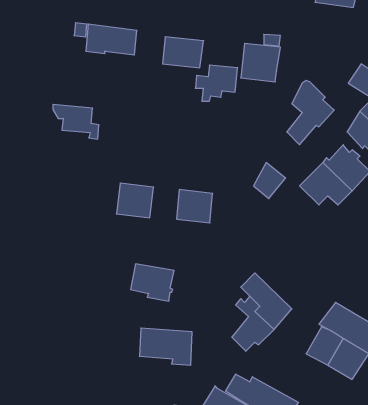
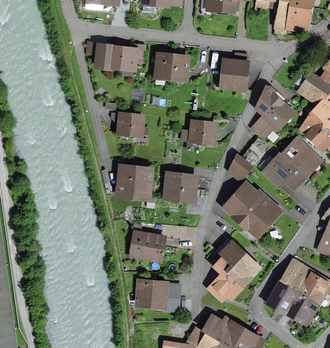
building: [195,65,238,101] -> [182,122,215,150]
building: [53,104,99,139] -> [112,113,148,140]
building: none -> [225,185,277,235]

